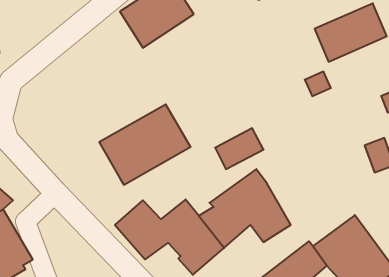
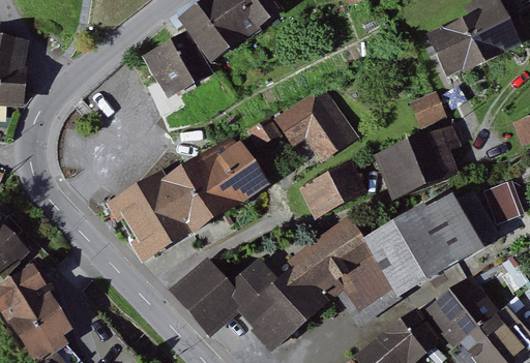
building: none -> [141,38,199,96]
building: none -> [256,89,356,159]
building: none -> [373,122,460,196]
building: none -> [112,182,179,251]
building: none -> [364,192,495,293]

